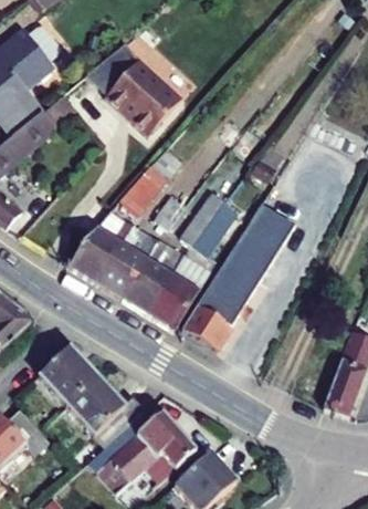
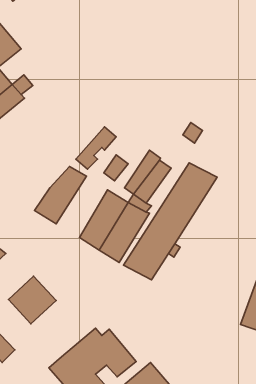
building: [86,41,183,134] -> none
building: [96,222,159,298] -> none
building: [65,375,145,445] -> none

